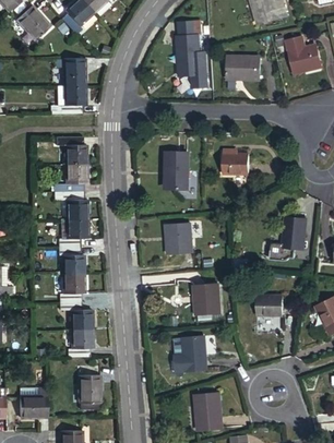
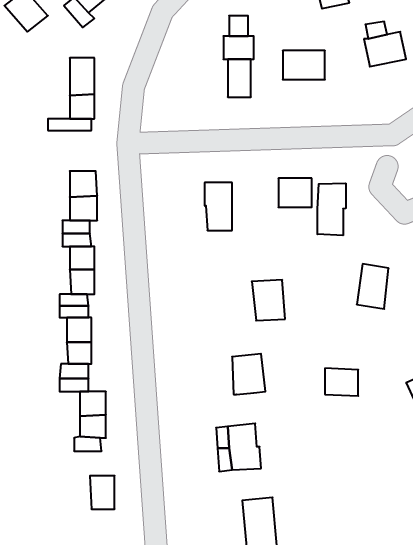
building: none -> [317,183,346,235]
building: [166,217,191,248] -> [252,280,285,321]
building: [20,395,48,415] -> none

